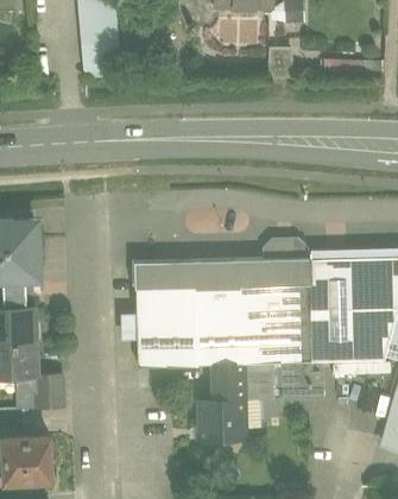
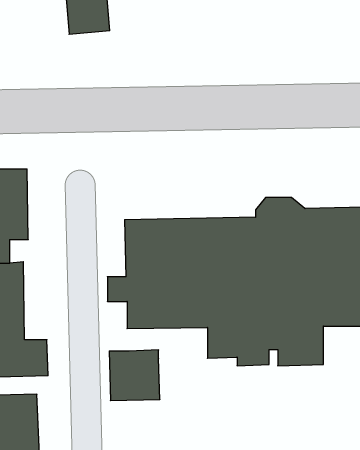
building: [196,392,245,441] -> [109,350,160,401]

